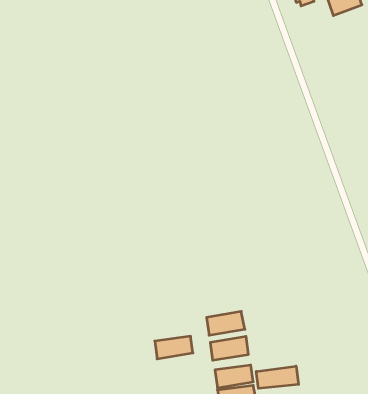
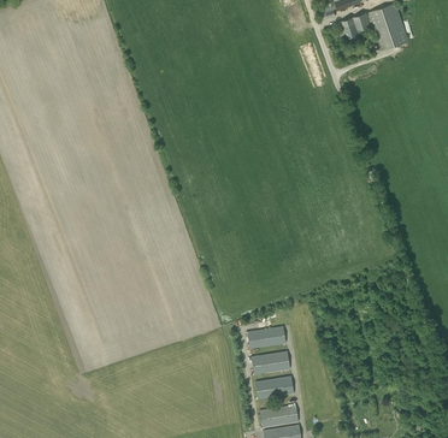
building: [155,336,193,359] -> [247,326,285,349]
building: [256,366,299,388] -> none

